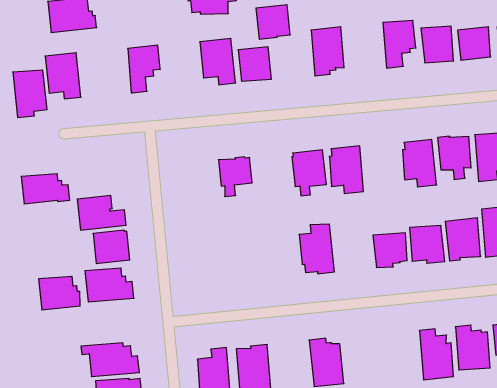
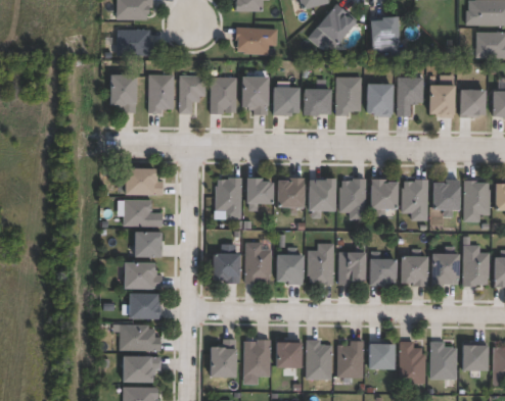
building: [256,5,290,39] -> [304,90,330,116]
building: none -> [366,85,393,117]
building: none -> [211,78,236,114]
building: [13,70,47,118] -> [148,74,174,113]
building: none -> [371,180,398,215]
building: none -> [277,179,305,213]
building: none -> [216,179,241,218]
building: [21,174,70,204] -> [125,169,164,194]
building: none -> [339,250,366,284]
building: none -> [245,241,272,283]
building: none -> [213,243,240,282]
building: none -> [277,252,304,284]
building: [39,276,80,310] -> [129,291,163,317]
building: none -> [369,342,396,368]
building: none -> [337,340,364,378]
building: none -> [276,340,302,366]

